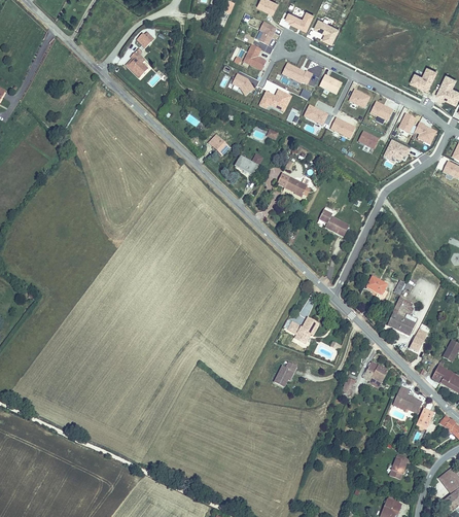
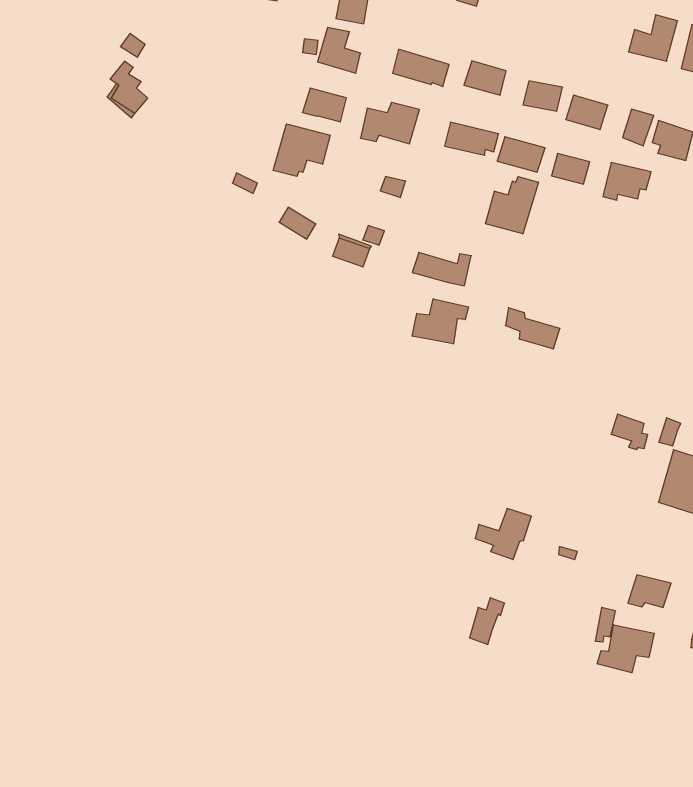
building: none -> [273,124,330,176]
building: none -> [486,177,538,234]
building: none -> [412,299,468,344]
building: none -> [597,625,654,673]

